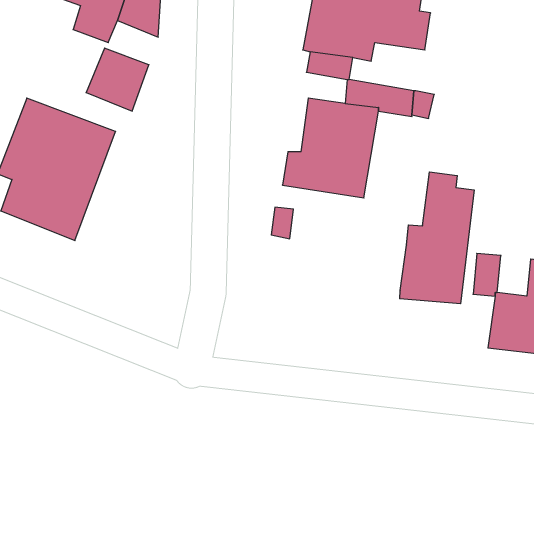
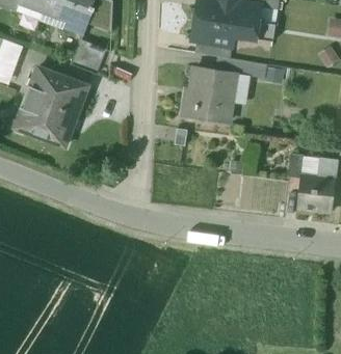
building: [400,172,474,304] -> none

